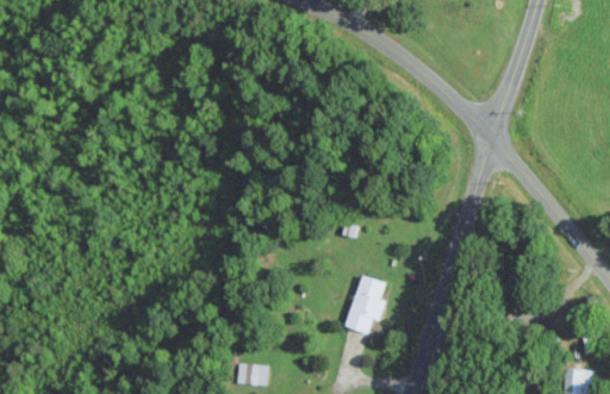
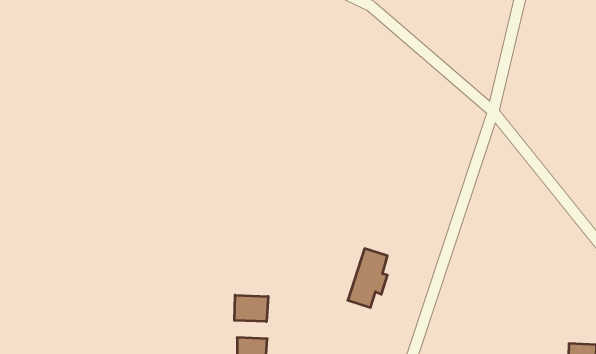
building: none -> [234,295,268,322]

